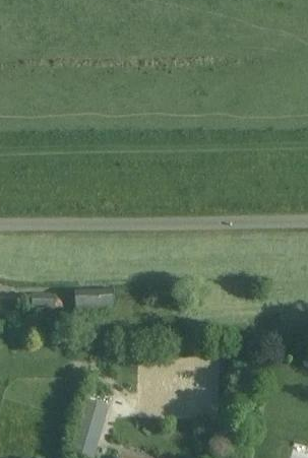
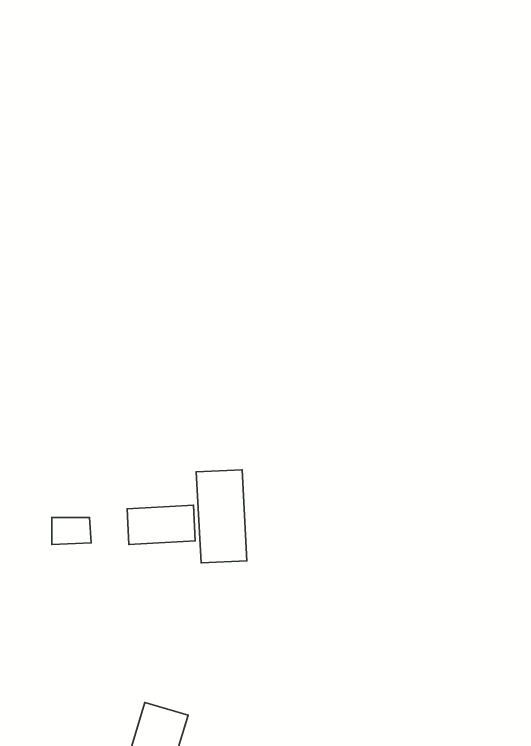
building: none -> [196,470,247,563]

